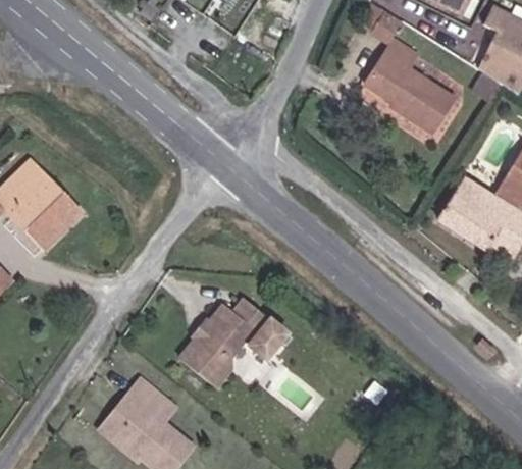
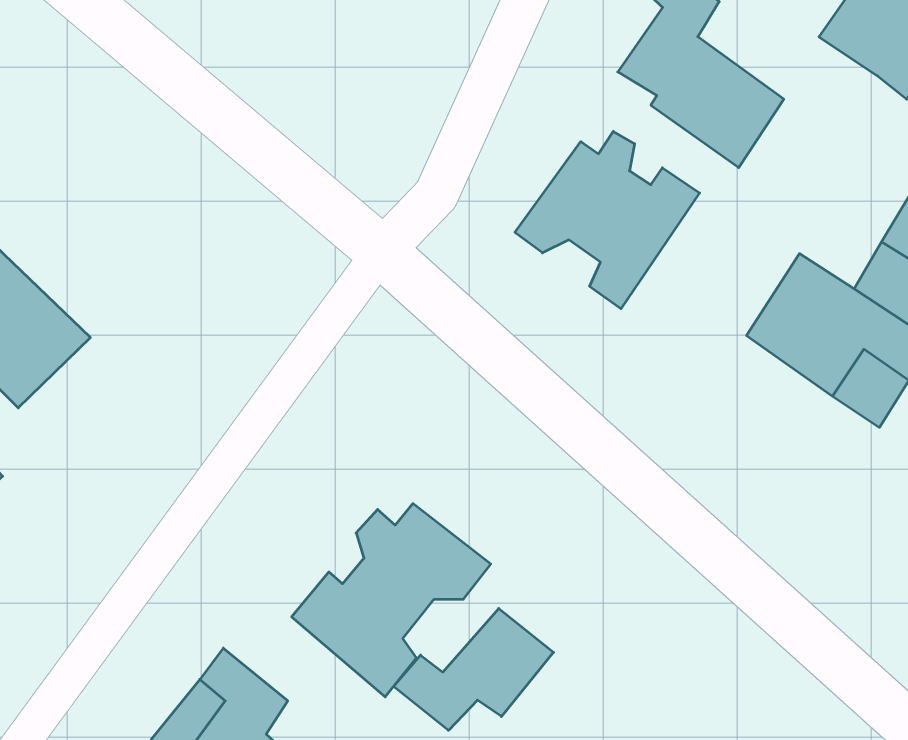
building: none -> [515,131,700,309]
building: none -> [394,608,554,730]

